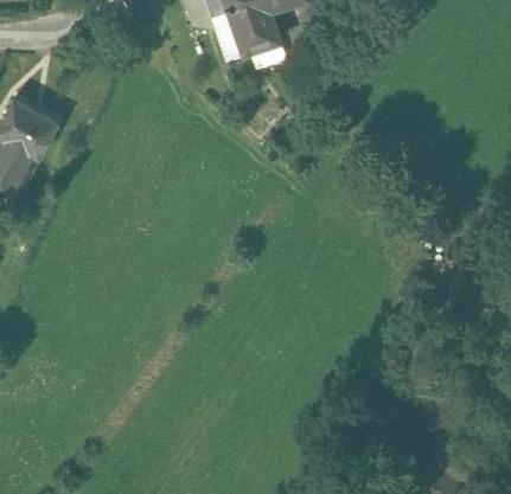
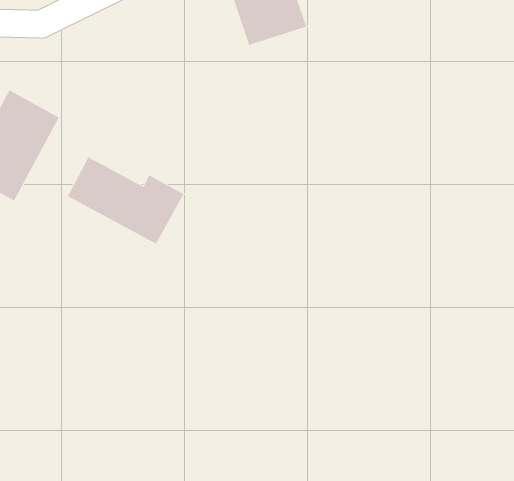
building: none -> [67,156,184,245]

